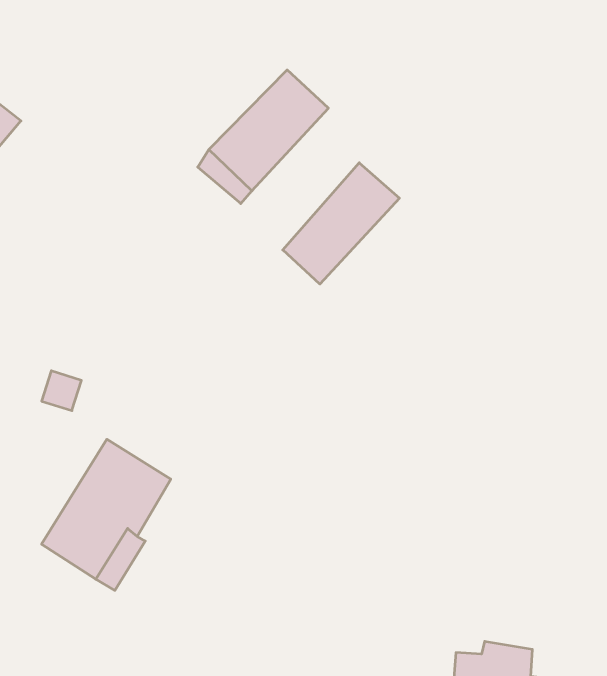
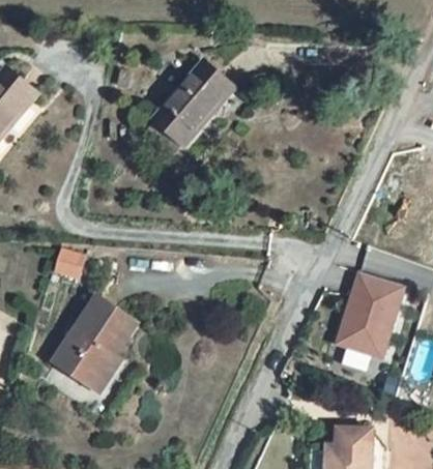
building: [283,163,399,284] -> none
building: none -> [339,272,405,358]

